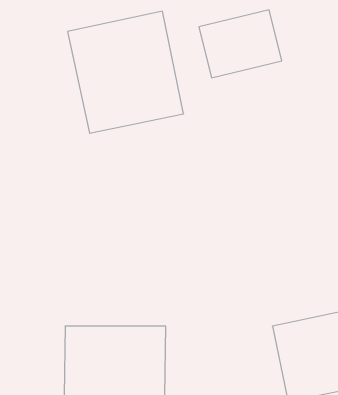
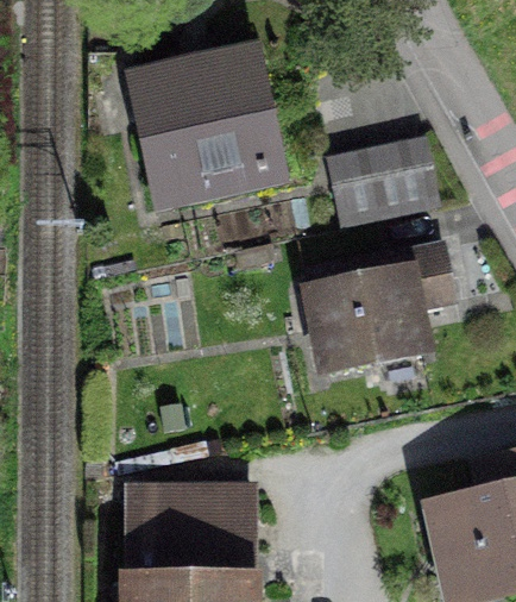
building: [199,10,282,78] -> [325,133,441,228]
building: none -> [303,259,435,380]

